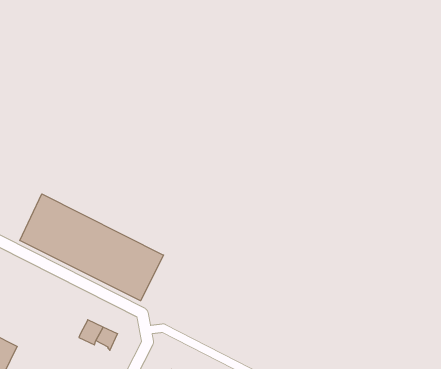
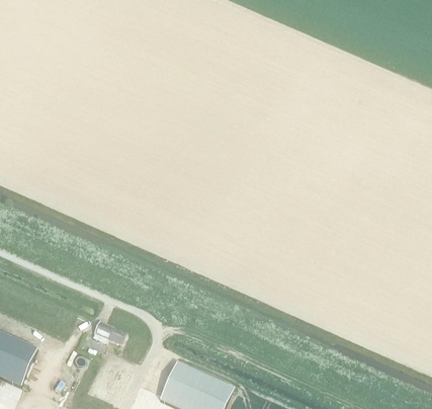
building: [20,194,164,301] -> none

